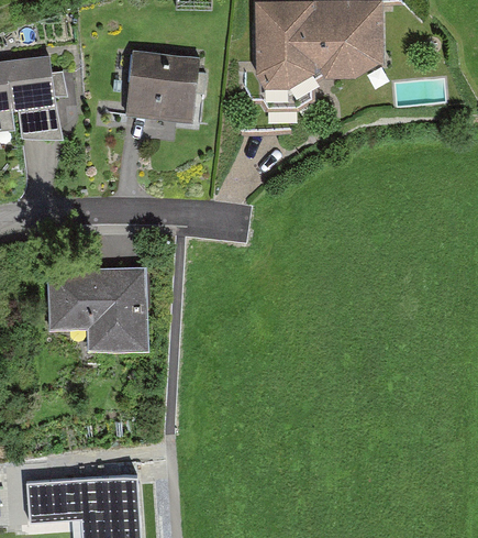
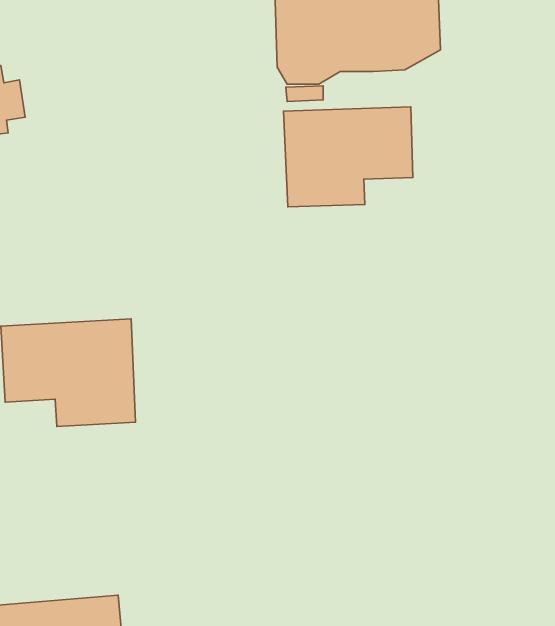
building: [124,51,199,121] -> none
building: none -> [283,107,413,207]

